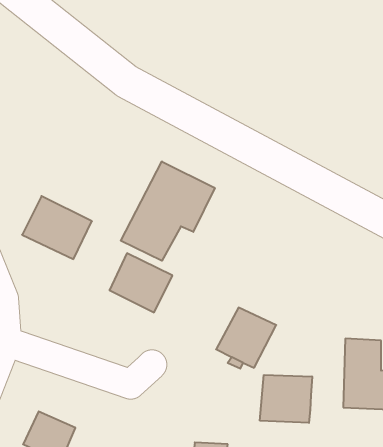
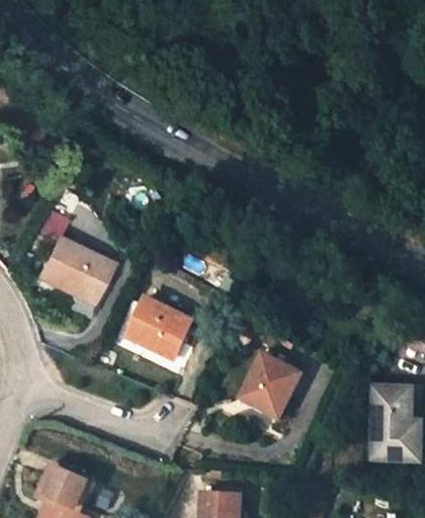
building: [121,161,215,261] -> none
building: [260,375,312,423] -> none

